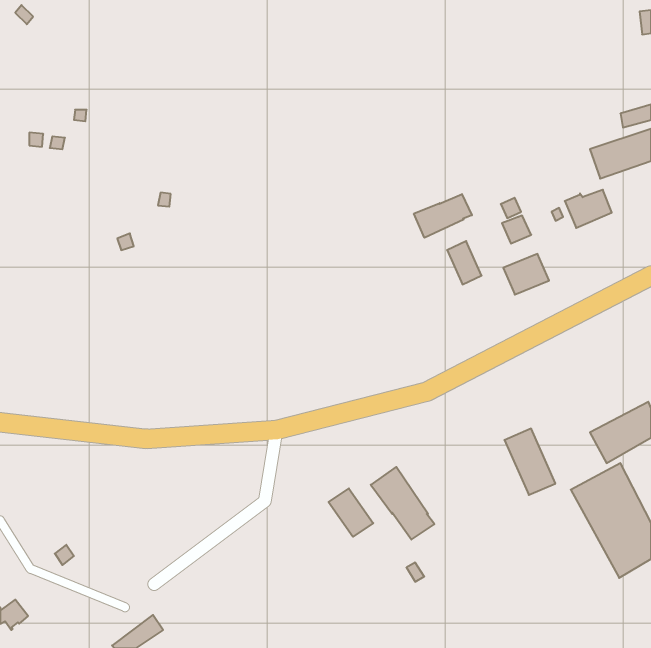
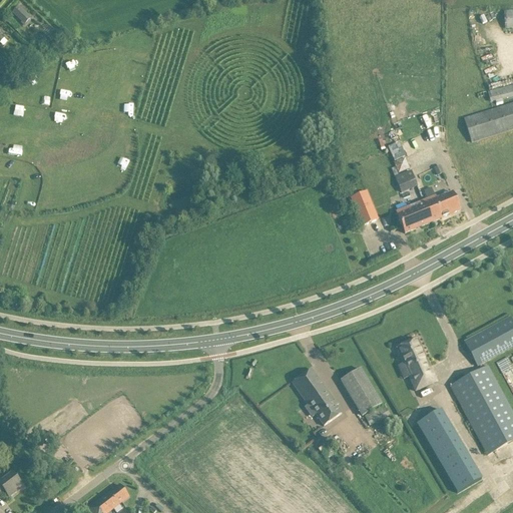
building: [565,190,612,228] -> [423,190,460,220]
building: [414,194,472,238] -> none
building: none -> [341,367,382,414]
building: [329,488,373,537] -> none
building: none -> [417,408,482,491]

